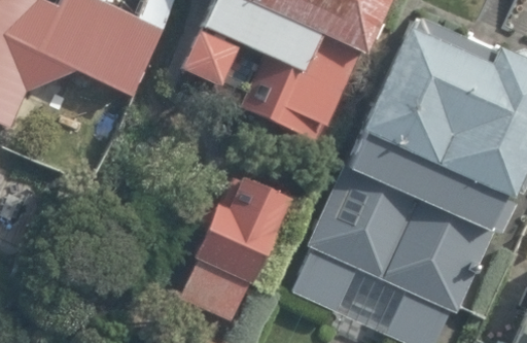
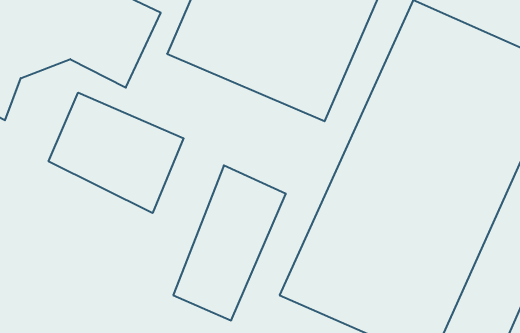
building: none -> [49,93,184,213]

